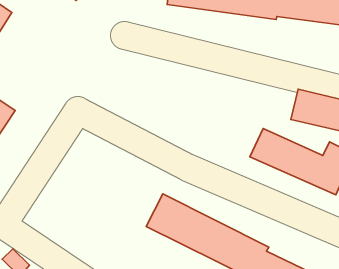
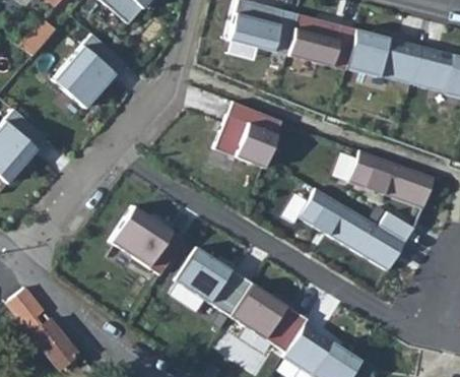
building: none -> [54,35,126,109]
building: none -> [215,102,283,169]
building: none -> [111,206,186,275]

